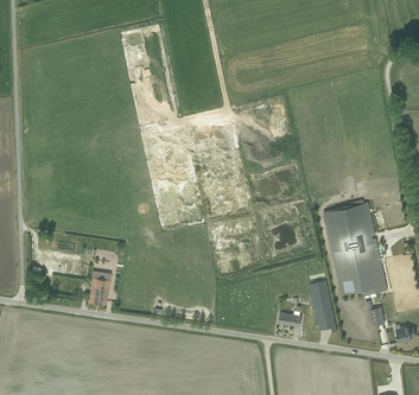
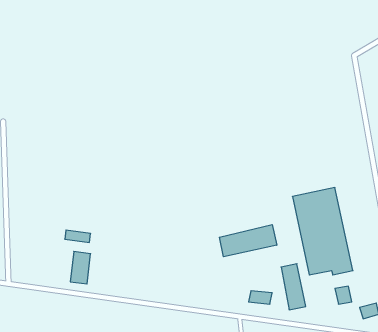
building: none -> [219,225,277,257]

